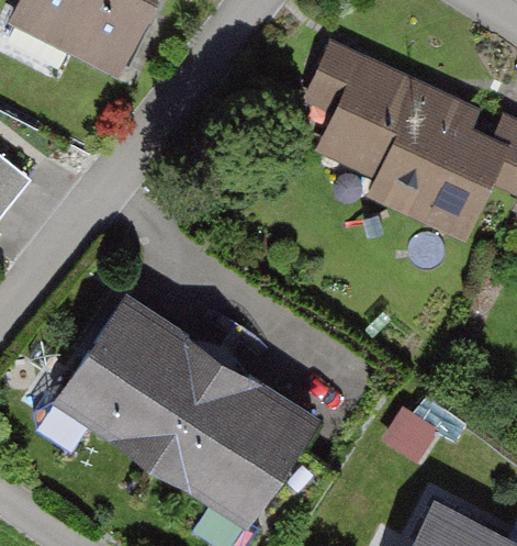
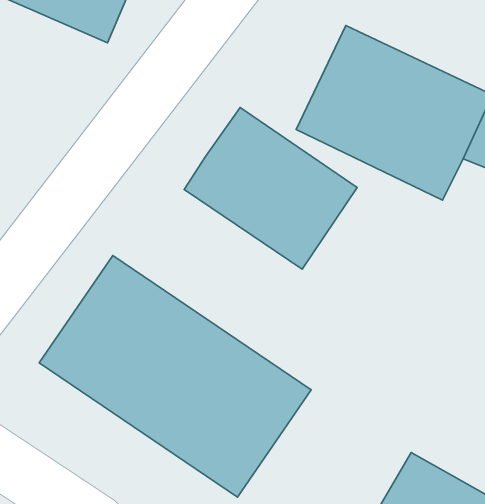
building: none -> [184,108,357,269]

